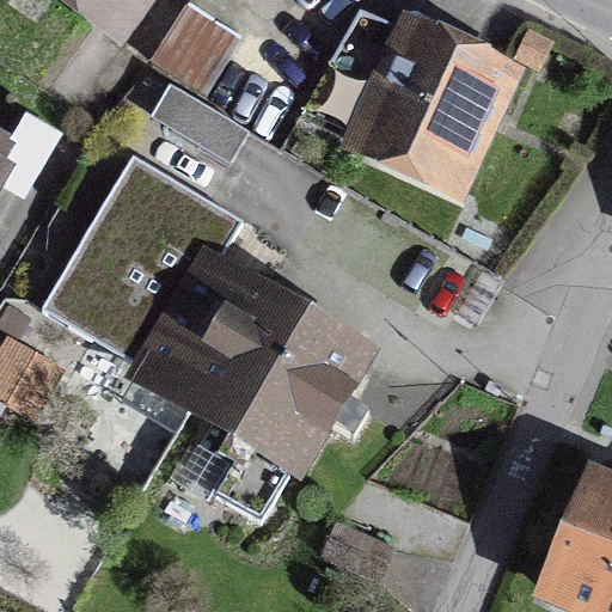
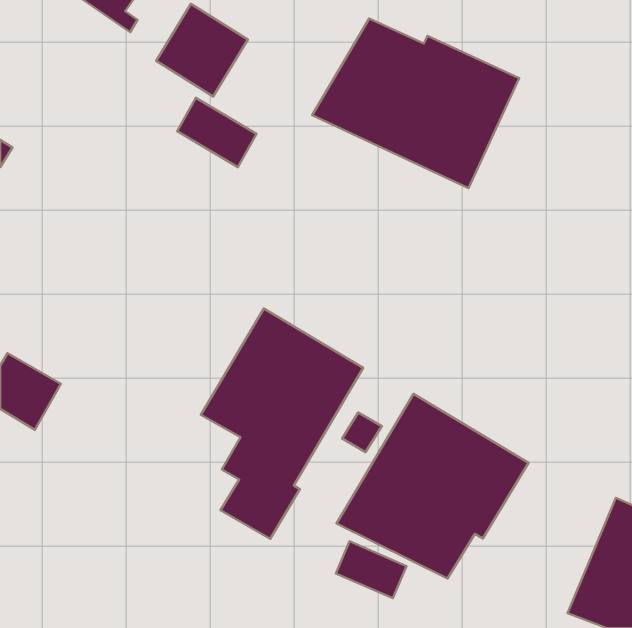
building: [42,157,256,400] -> none
building: none -> [336,394,529,579]

